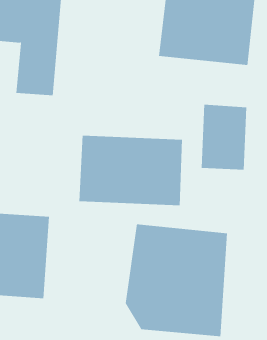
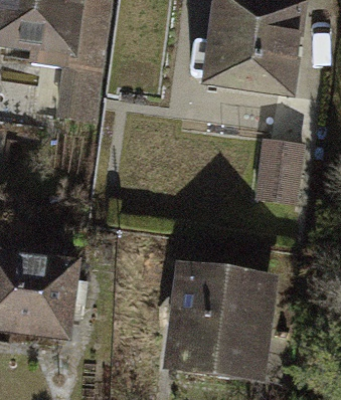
building: [79,135,183,206] -> none

